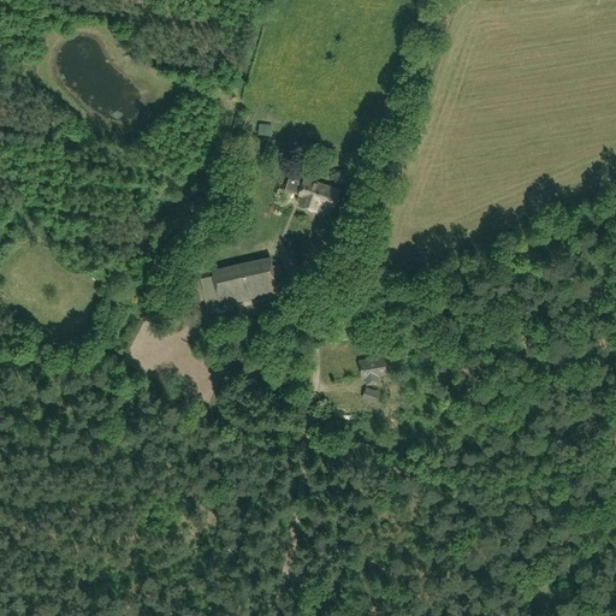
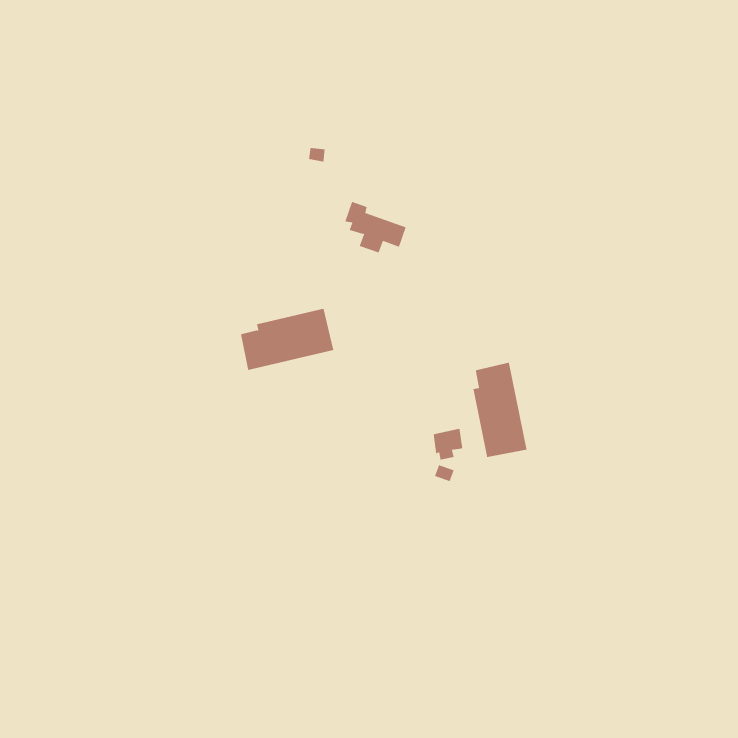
building: none -> [473,362,527,458]

